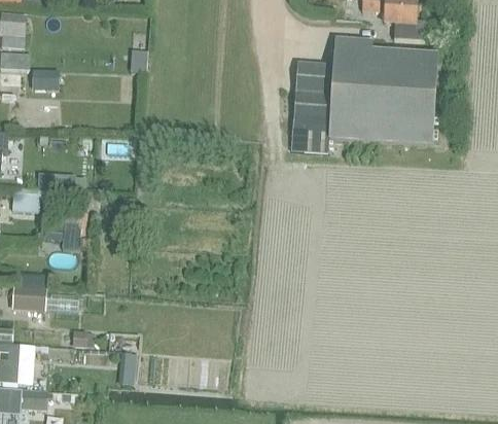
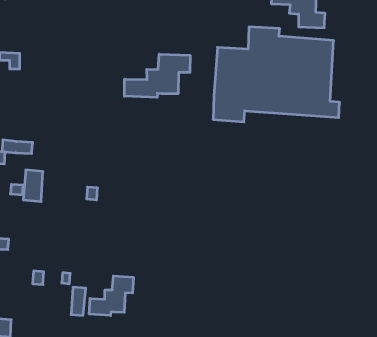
building: none -> [124,54,190,97]
building: none -> [89,276,133,316]

